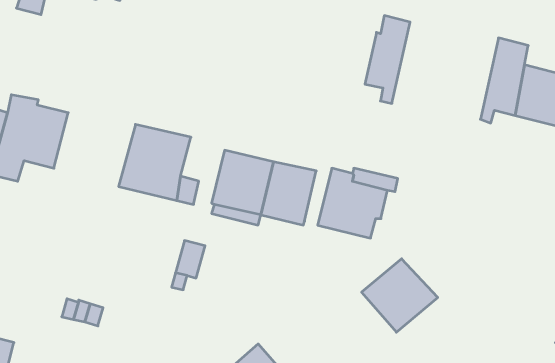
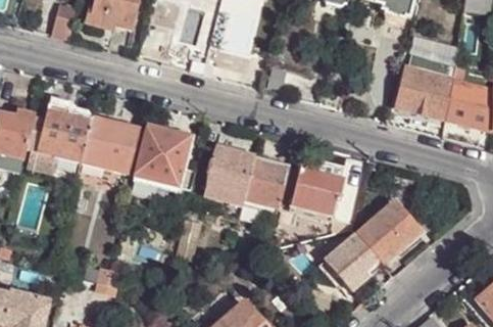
building: [365,16,410,103] -> [396,53,432,123]
building: none -> [81,118,137,173]
building: none -> [355,198,421,264]

